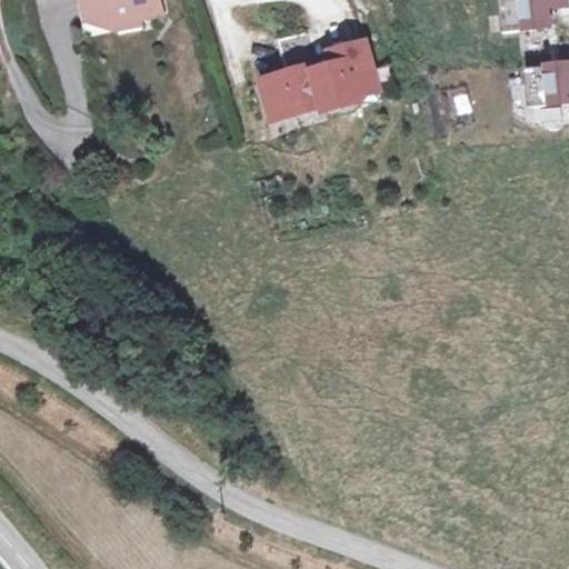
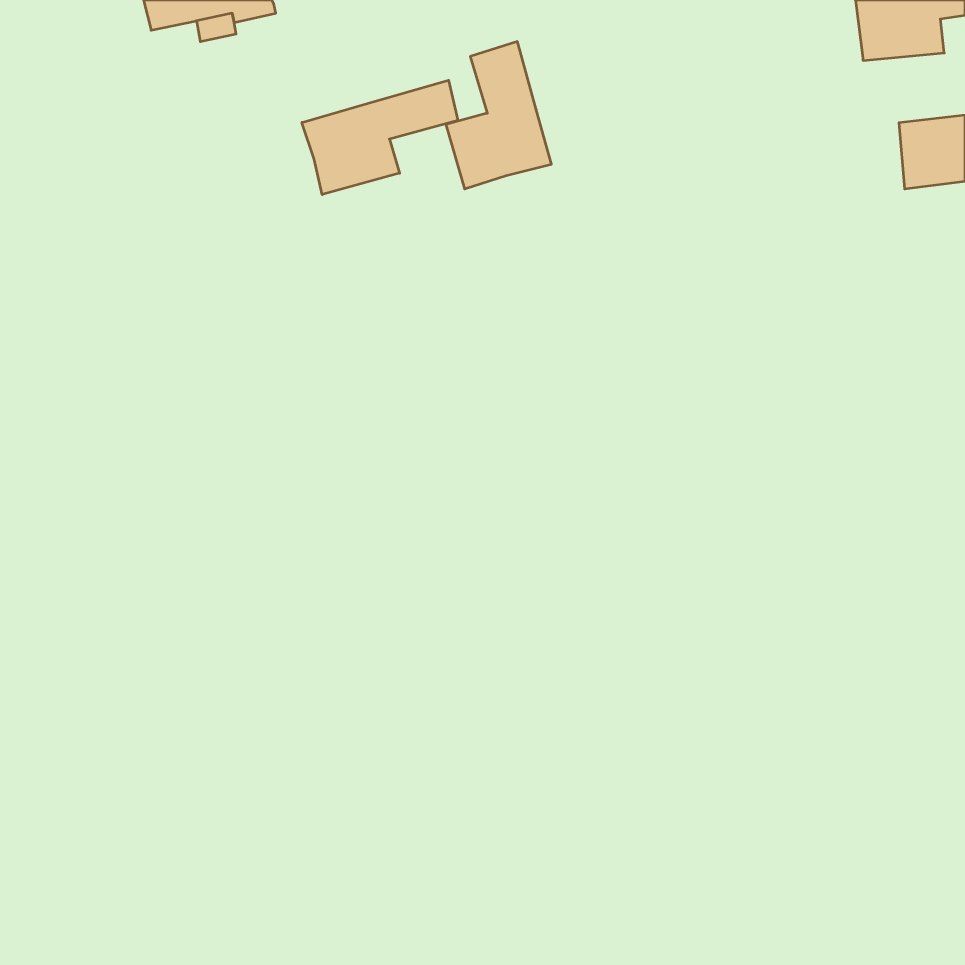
building: [316,36,379,101] -> none
building: none -> [302,80,458,195]

